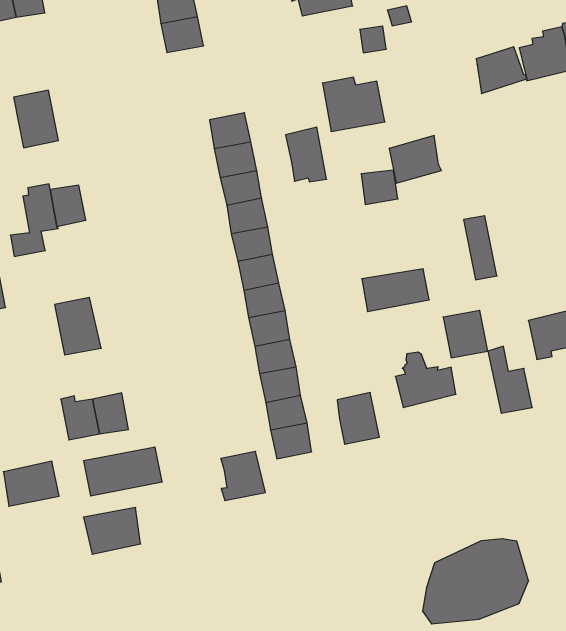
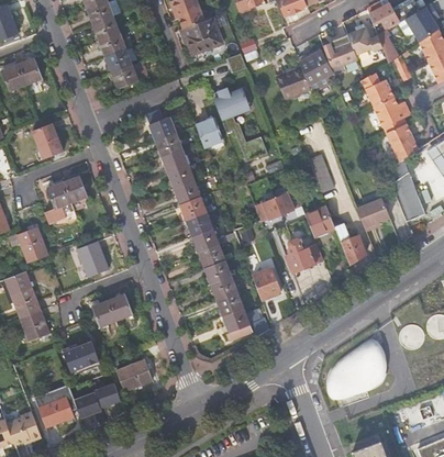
building: [389,136,441,183] -> [276,65,309,97]
building: [84,447,162,496] -> [75,380,123,415]
building: [221,451,265,500] -> [223,309,253,341]

